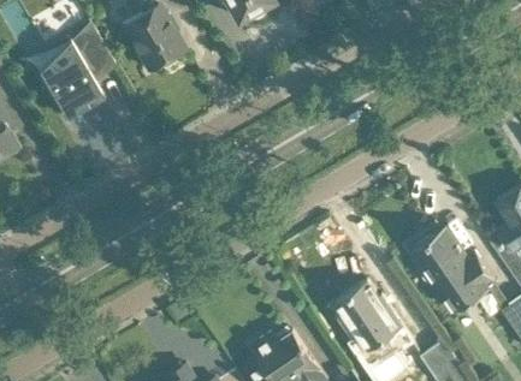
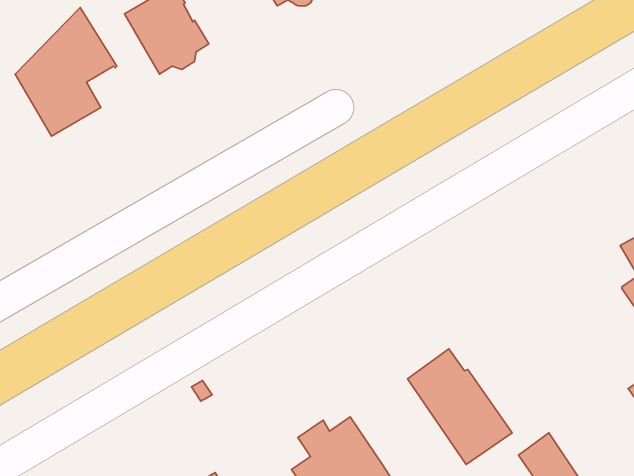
building: [413,231,496,311] -> none

